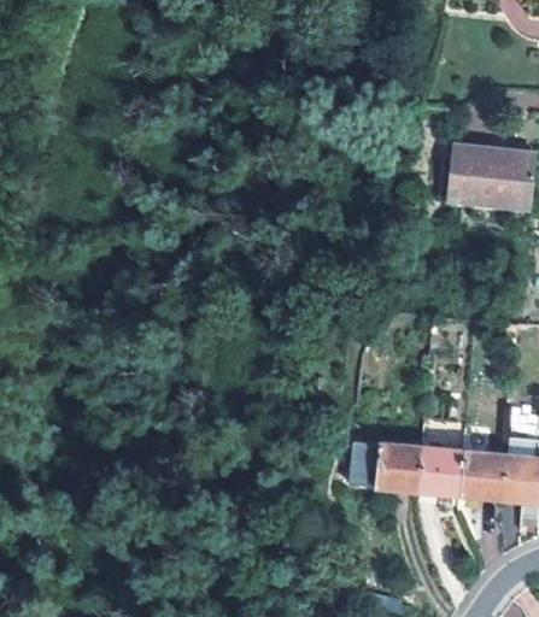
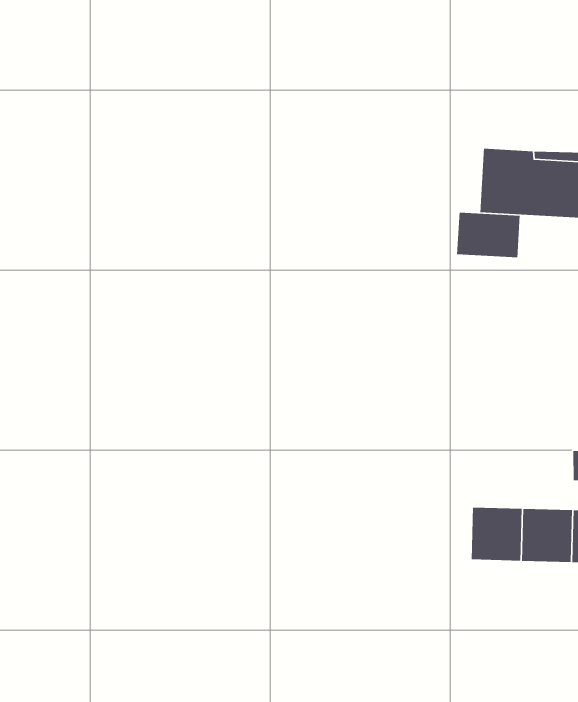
building: none -> [456,212,521,258]
building: [352,440,424,492] -> none

